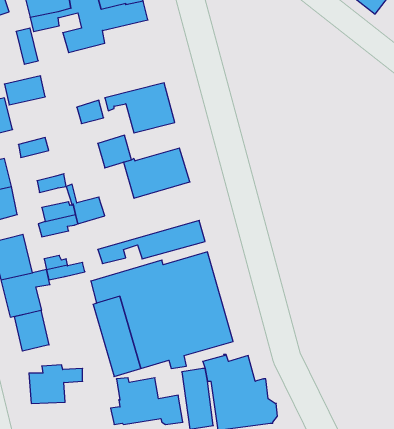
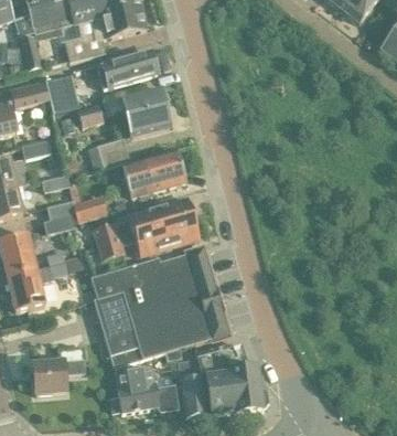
building: none -> [103,53,158,87]
building: none -> [44,74,77,114]
building: none -> [94,199,194,246]
building: [14,310,49,351] -> none

